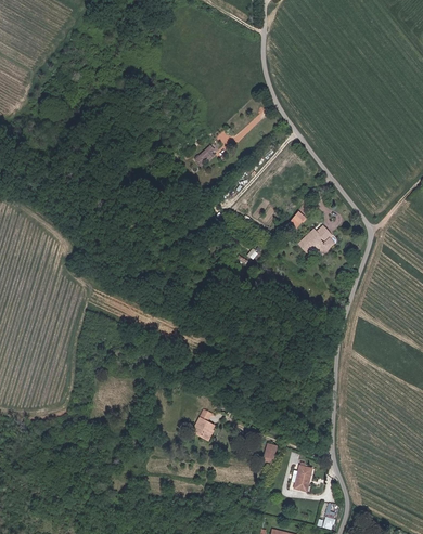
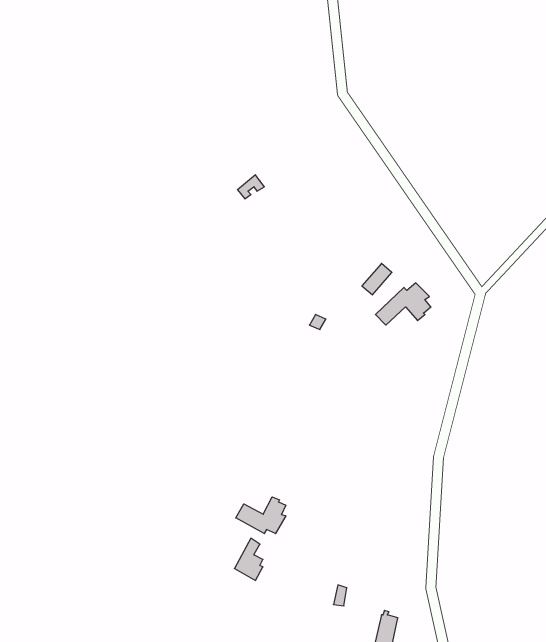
building: none -> [236,497,286,534]

